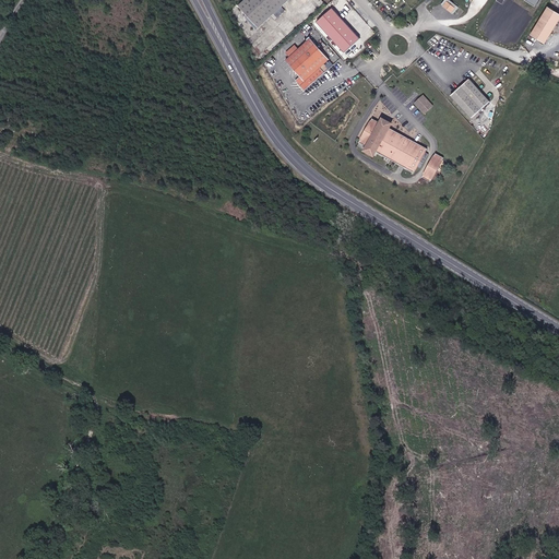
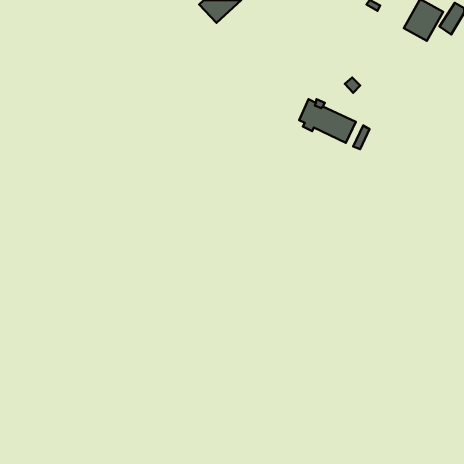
building: [314,8,358,52] -> none
building: [288,39,332,92] -> none
building: [450,76,488,116] -> none

